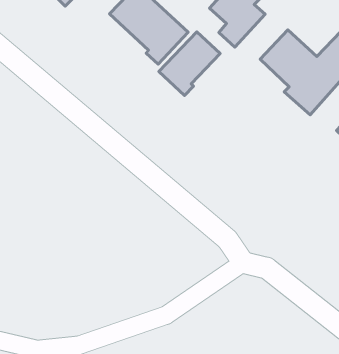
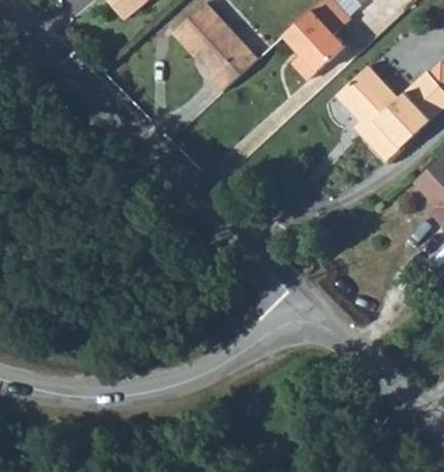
building: [159,32,220,95] -> none

